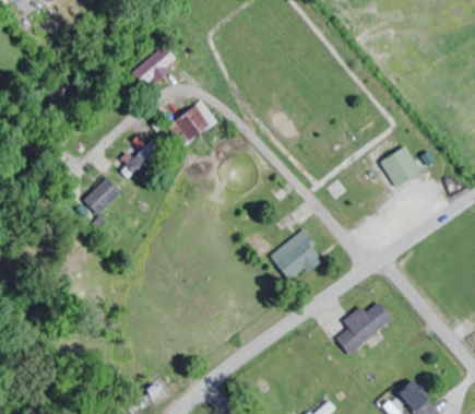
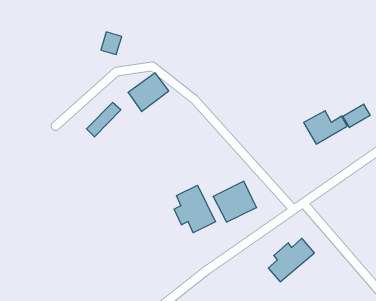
building: none -> [343,104,370,128]
building: [82,177,121,215] -> none
building: none -> [174,185,216,233]

